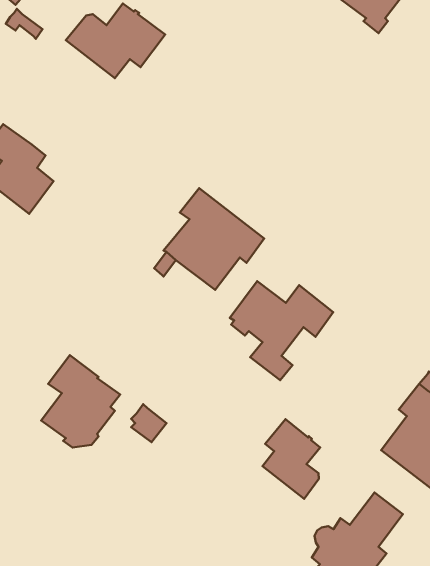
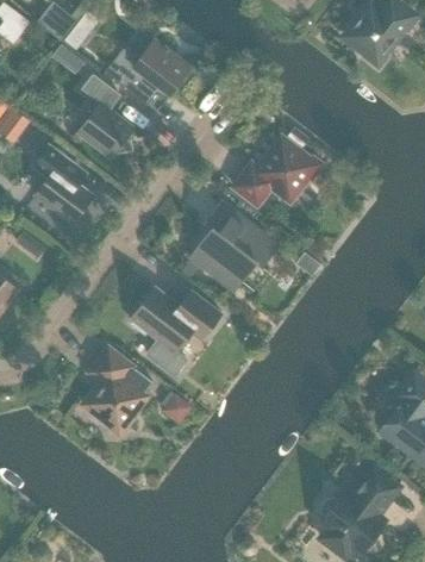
building: none -> [76,76,133,160]
building: none -> [233,129,320,205]
building: [230,281,333,380] -> [130,288,220,375]
building: [263,419,320,499] -> none

